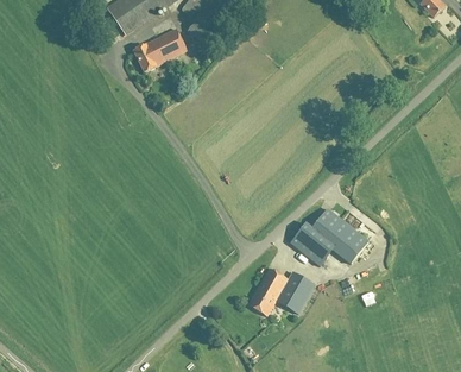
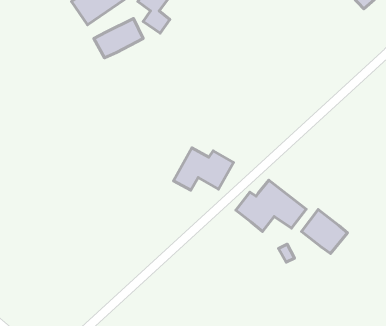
building: none -> [302,209,347,254]
building: [248,267,315,315] -> [174,148,233,190]

